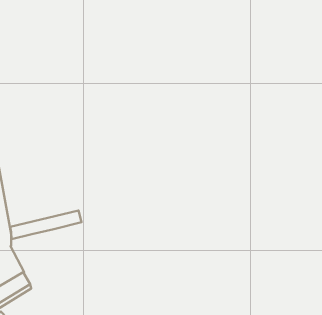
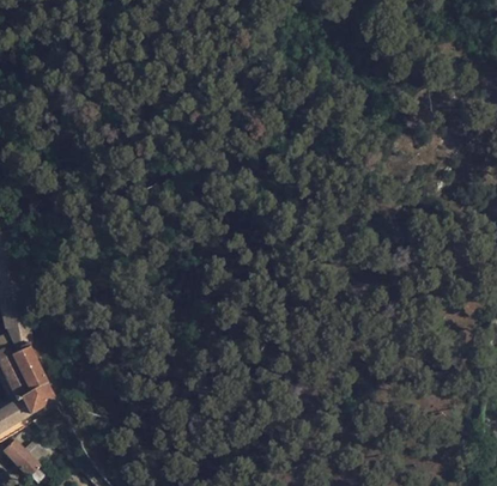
building: [10,210,82,239] -> none

